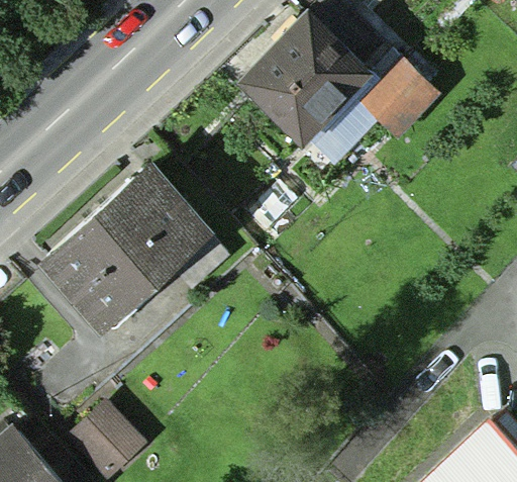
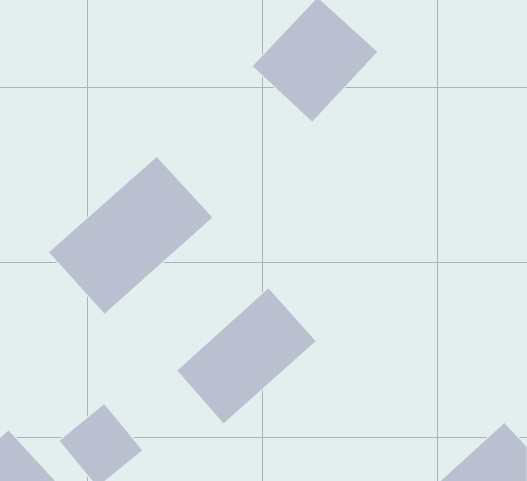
building: [350,60,434,143] -> none
building: none -> [177,288,317,424]

